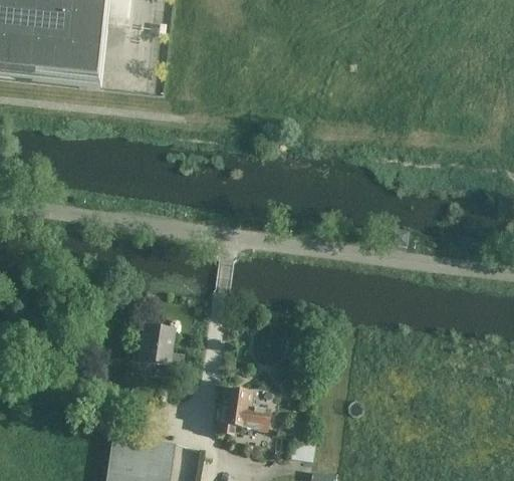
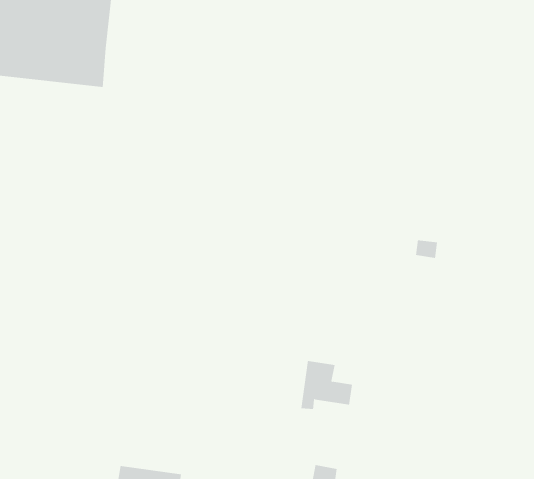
building: [141,326,183,366] -> none
building: [219,390,267,435] -> [301,360,353,410]

